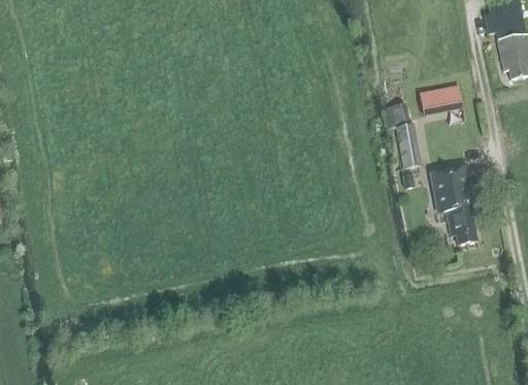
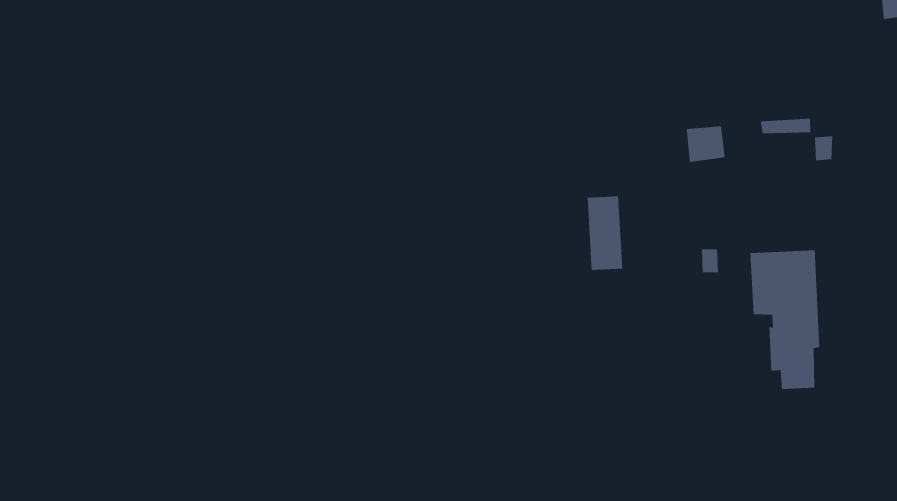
building: [395,123,420,166] -> [587,196,623,271]

